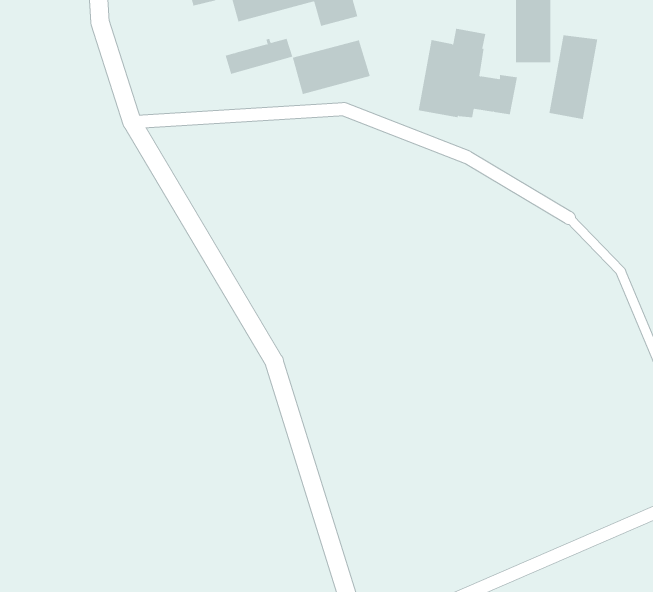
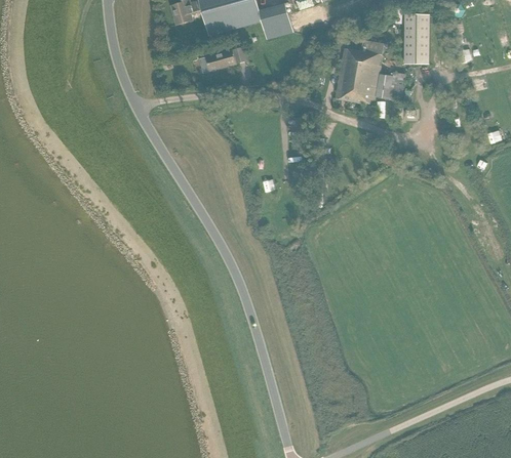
building: [549,34,598,120] -> none
building: [292,39,371,95] -> none

